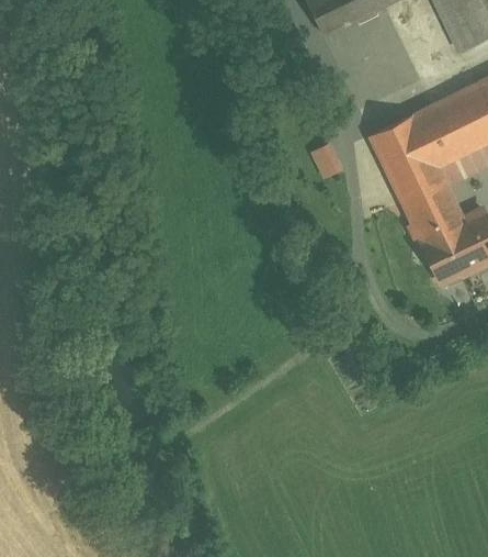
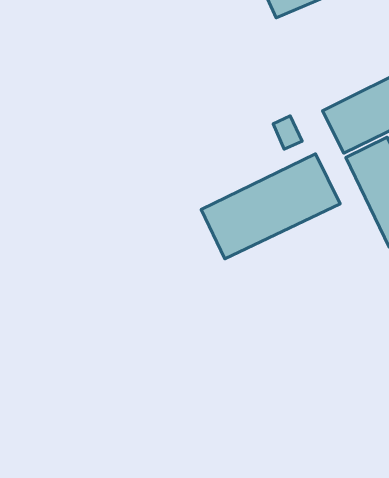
building: none -> [201,154,340,259]

